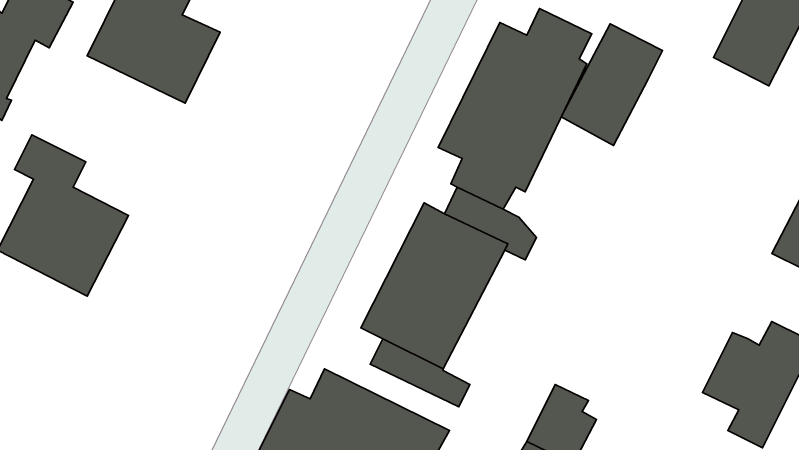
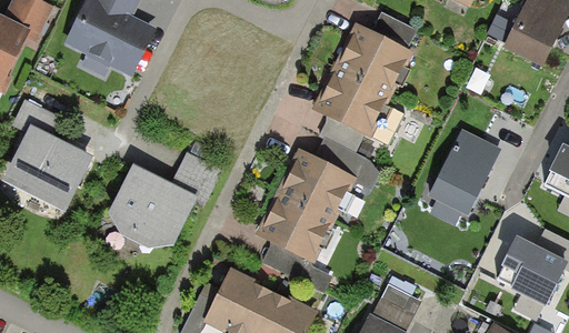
building: [561,24,662,145] -> [429,131,500,216]
building: none -> [107,152,224,248]

